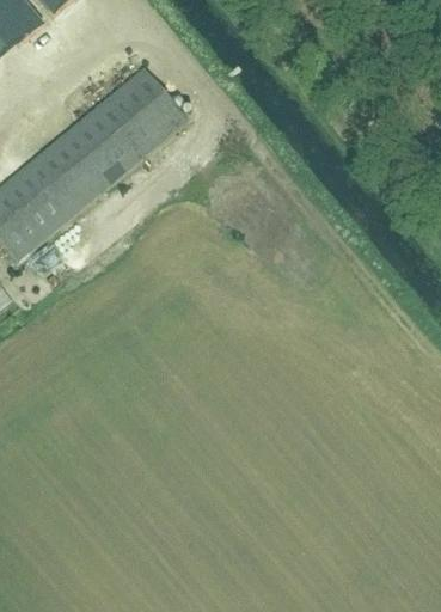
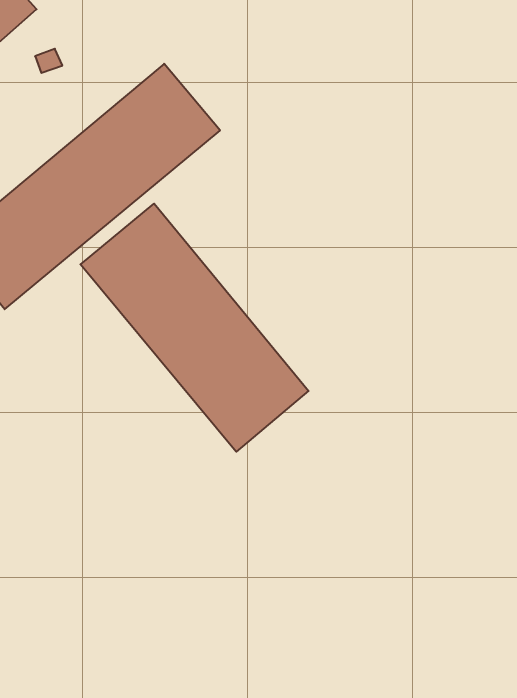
building: none -> [80,204,309,452]

